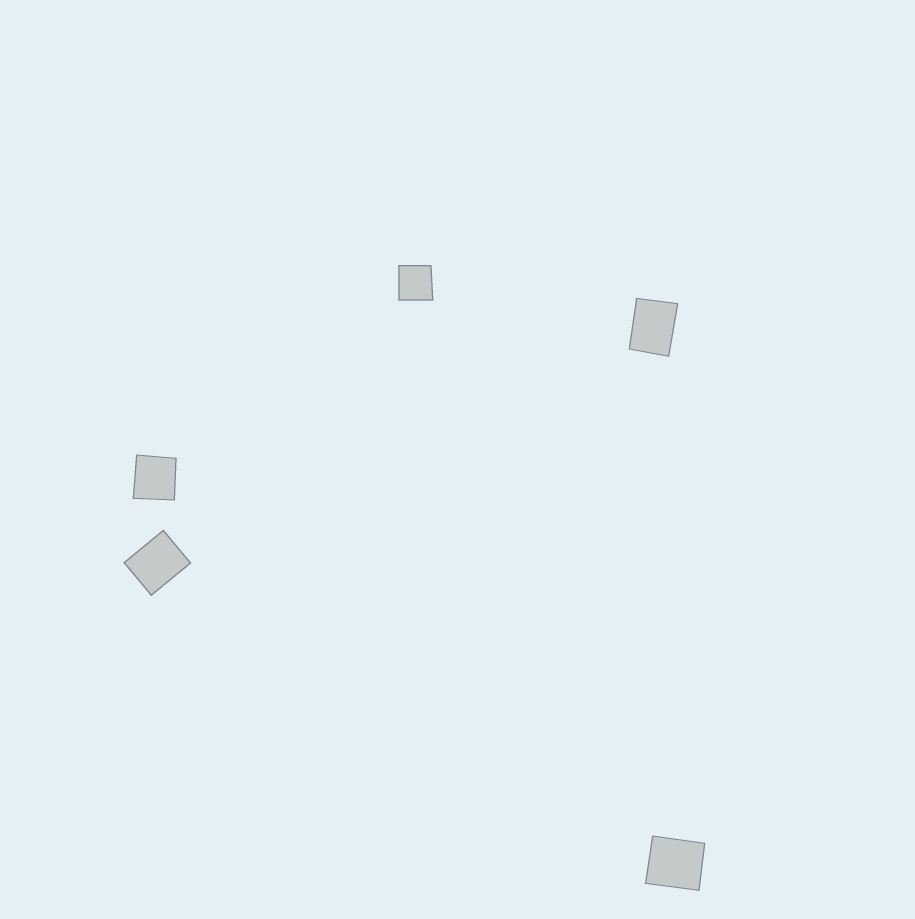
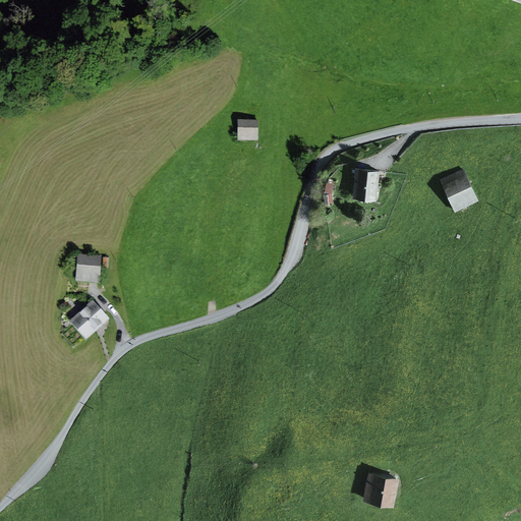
building: [399,266,433,300] -> [238,121,257,140]
building: none -> [442,171,476,211]

